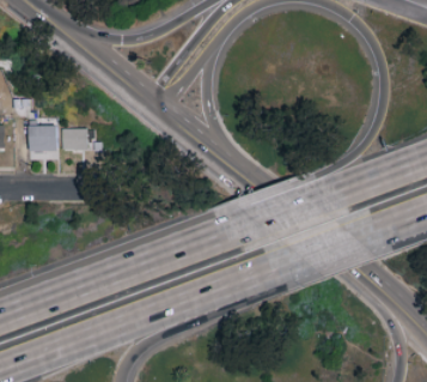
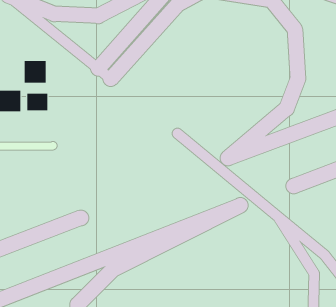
building: none -> [24,60,46,83]

